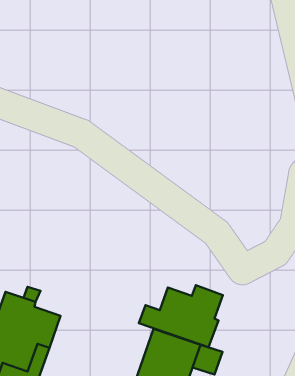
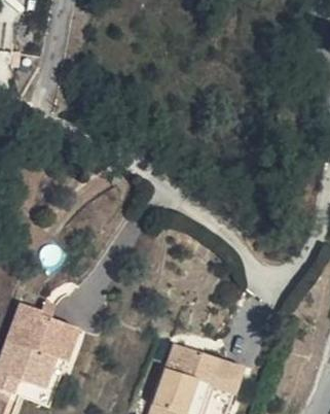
building: [139,285,223,347] -> none

